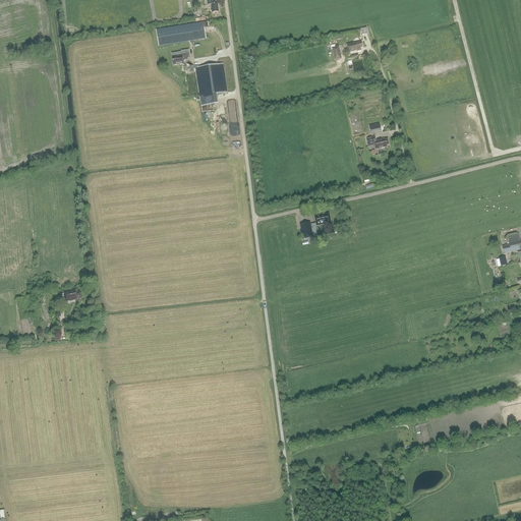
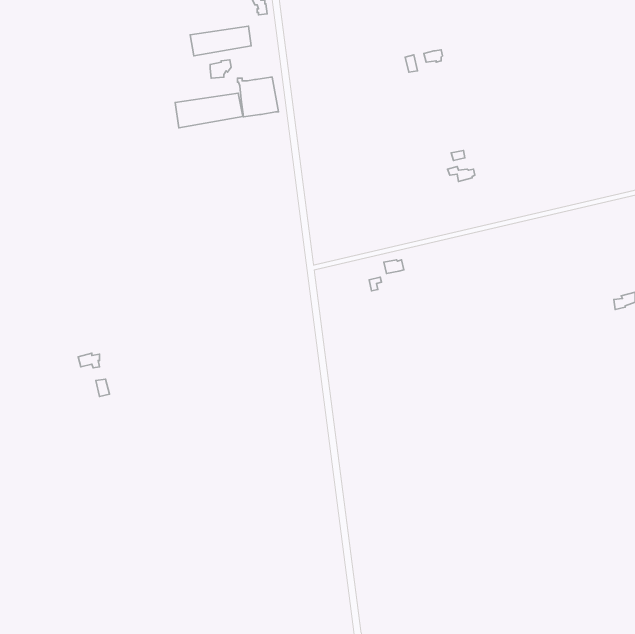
building: none -> [175,93,243,128]

